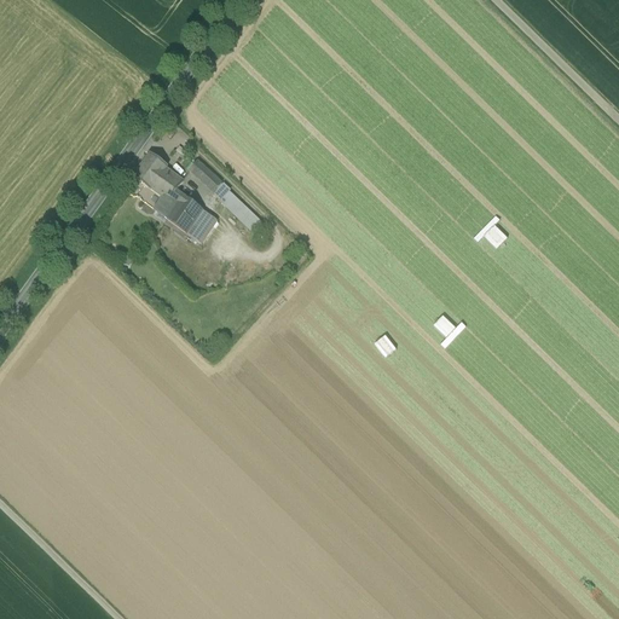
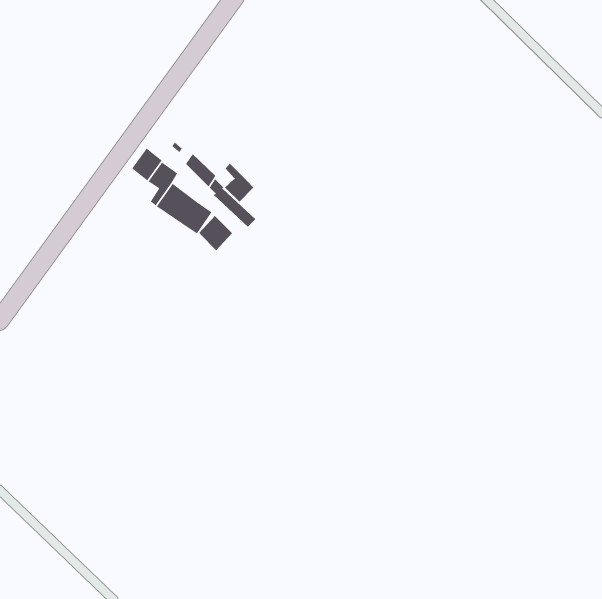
building: none -> [224,163,254,202]
building: none -> [198,215,233,251]

